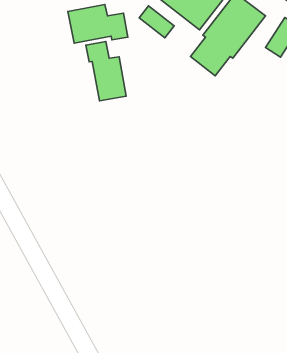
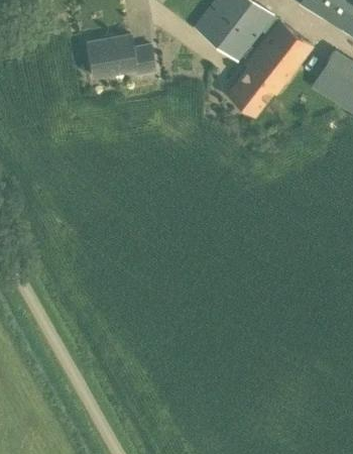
building: [139,6,174,38] -> none
building: [86,41,126,101] -> none

